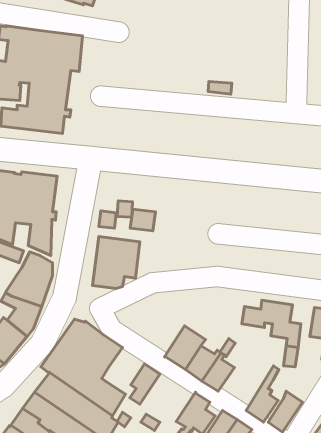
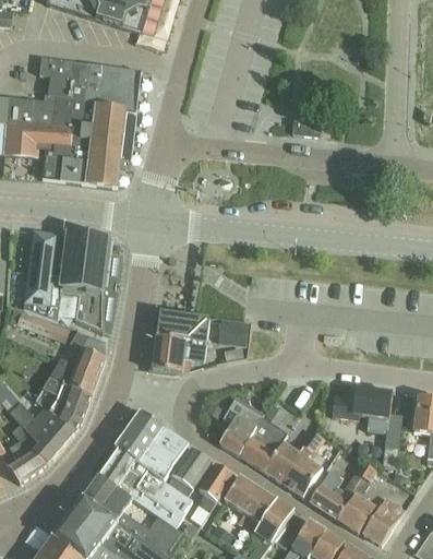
building: [130,209,156,231] -> [219,319,250,345]
building: none -> [219,396,264,455]
building: none -> [168,447,212,496]
building: none -> [310,461,370,519]
building: none -> [225,474,276,532]

